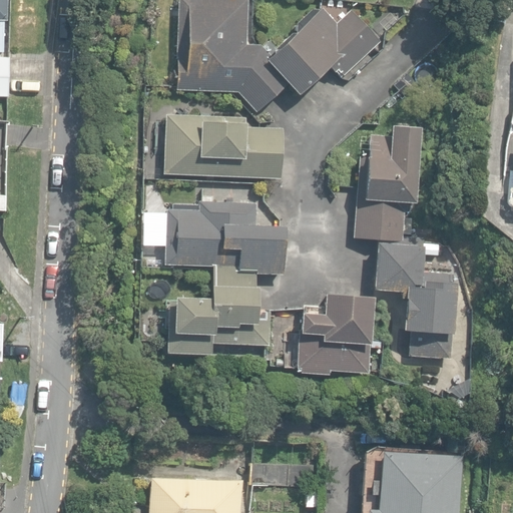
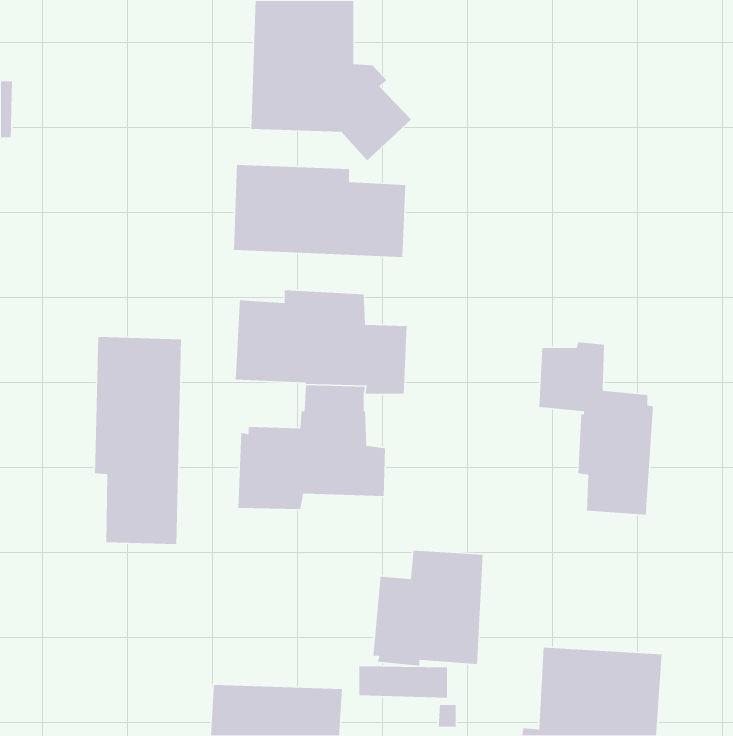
building: [267,8,381,94] -> none
building: [354,125,421,241] -> none
building: none -> [94,336,182,545]
building: [297,294,374,375] -> [373,550,483,666]

